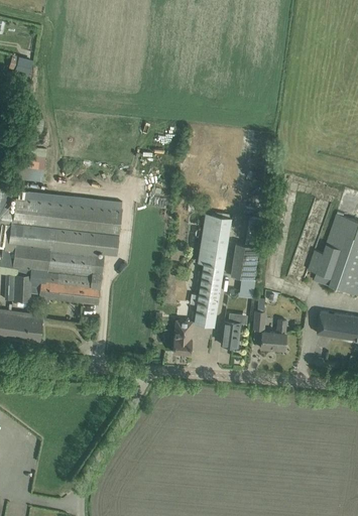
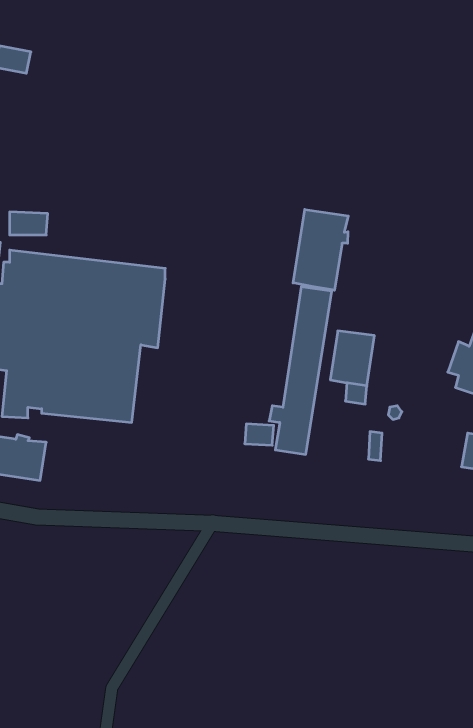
building: none -> [293,209,348,290]
building: [260,319,285,351] -> none
building: [171,320,191,354] -> none
building: [220,320,239,347] -> none

